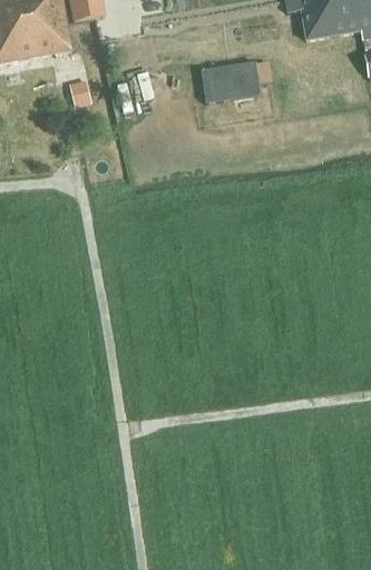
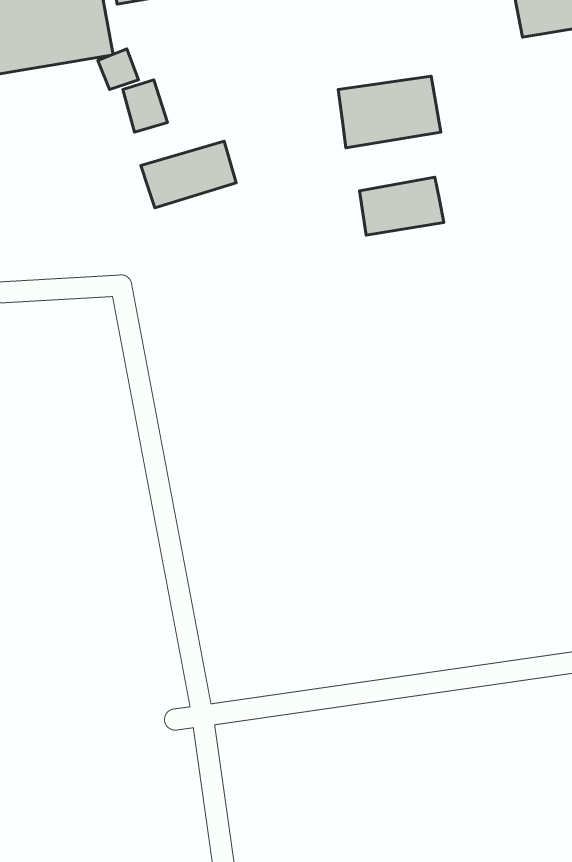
building: none -> [141,141,236,208]
building: none -> [359,177,444,235]

